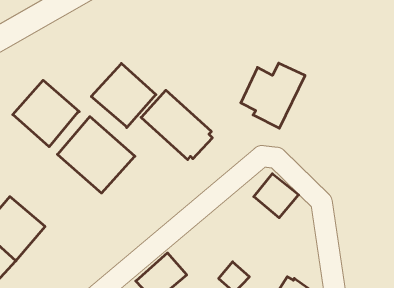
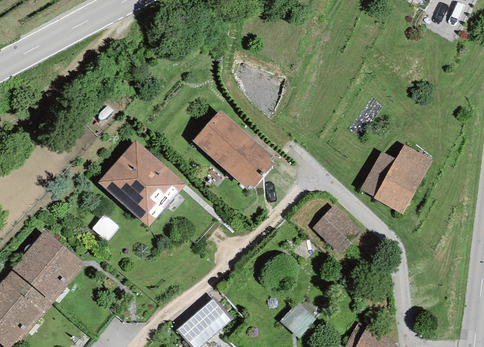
building: [241,63,305,128] -> [368,143,441,217]
building: [91,63,156,128] -> none
building: [13,80,79,147] -> none

